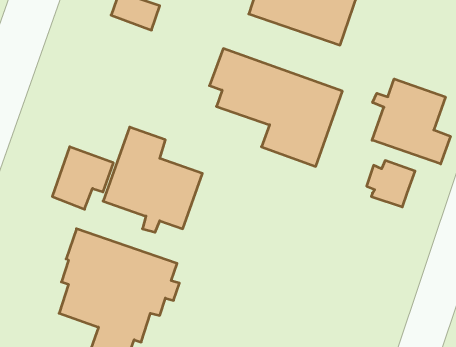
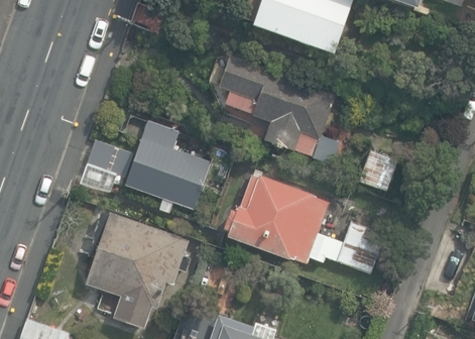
building: [372,79,450,164] -> none
building: none -> [225,173,384,271]

